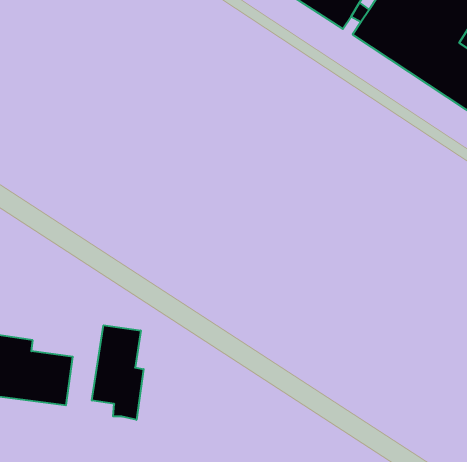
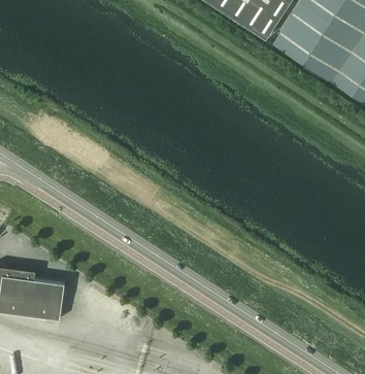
building: [92,325,144,420] -> none

